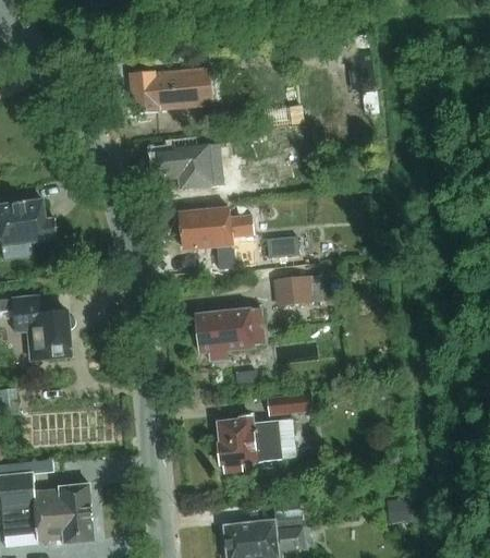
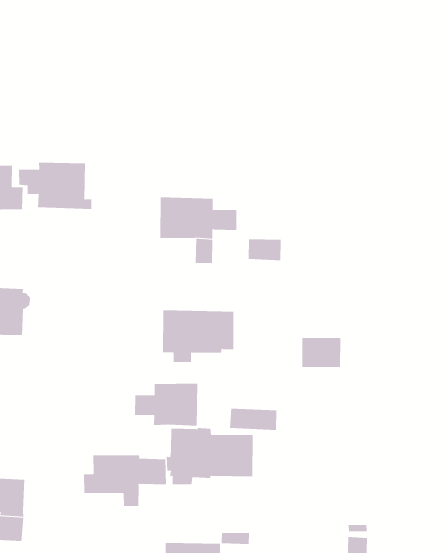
building: [130,68,213,113] -> none
building: [158,143,230,189] -> [18,162,92,209]
building: [273,275,313,306] -> [301,337,341,367]
building: none -> [134,383,198,426]
building: none -> [83,454,166,507]

